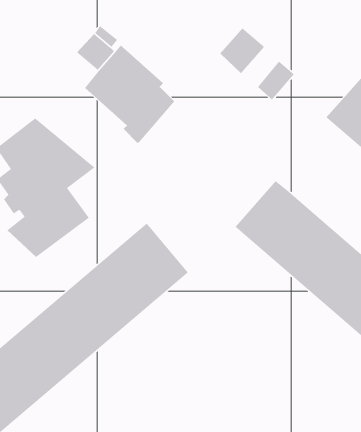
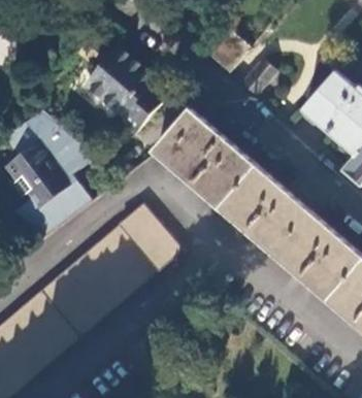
building: none -> [154,109,258,209]

